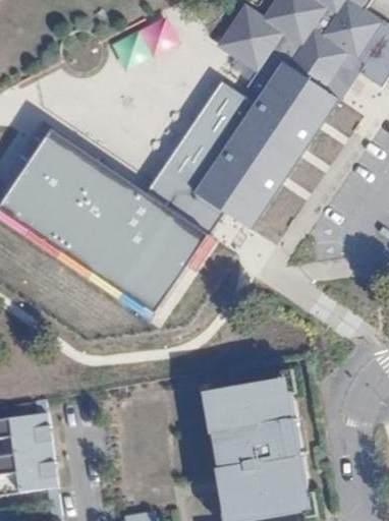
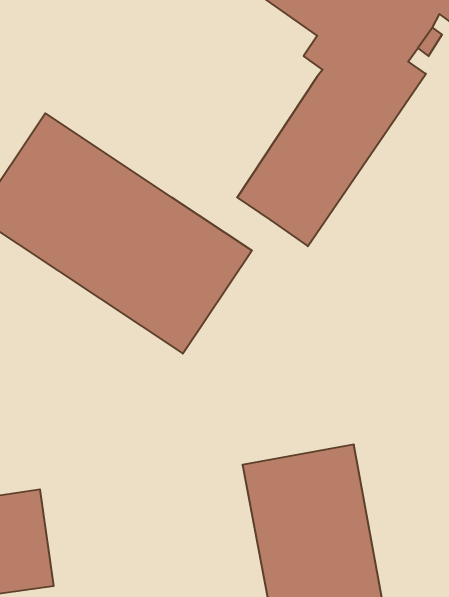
building: [148,79,257,232] -> none

